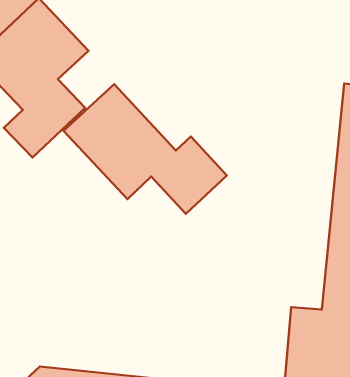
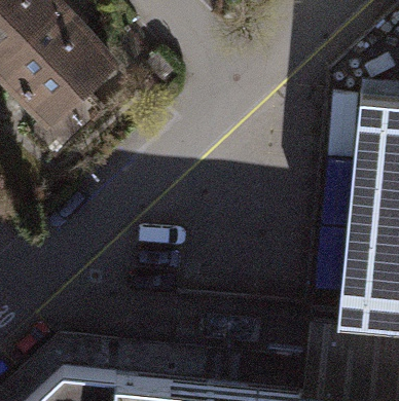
building: [63,84,227,214] -> none

